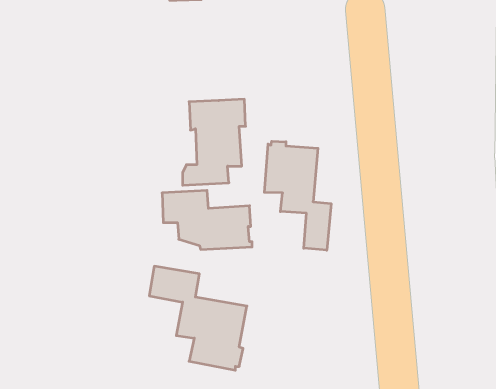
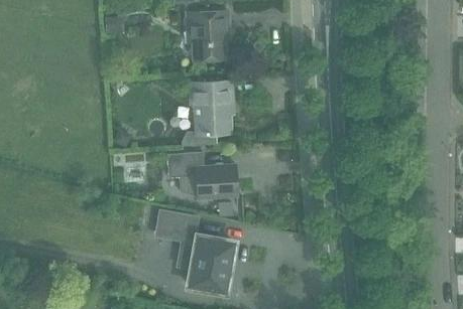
building: none -> [186,10,228,59]
building: [264,141,331,250] -> none

